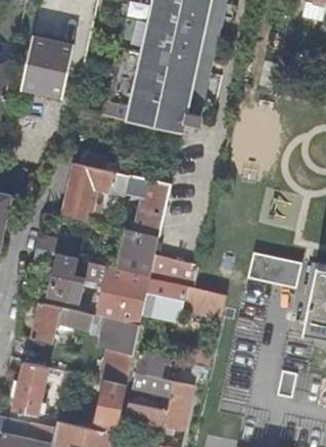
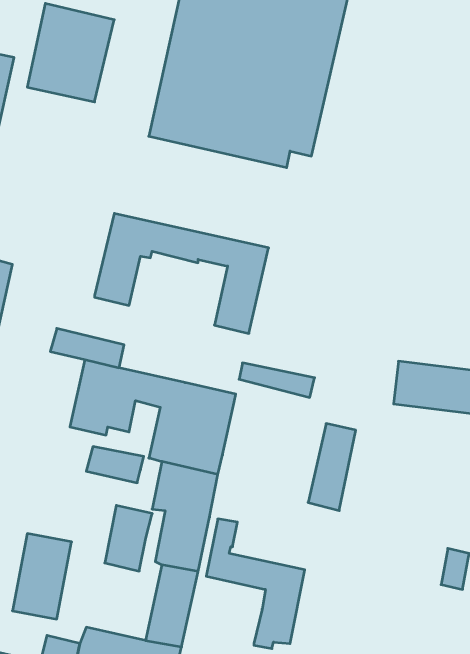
building: [119,230,158,275] -> none
building: [142,280,186,320] -> none
building: [32,303,61,344] -> [105,505,152,571]
building: [124,401,167,431] -> none

